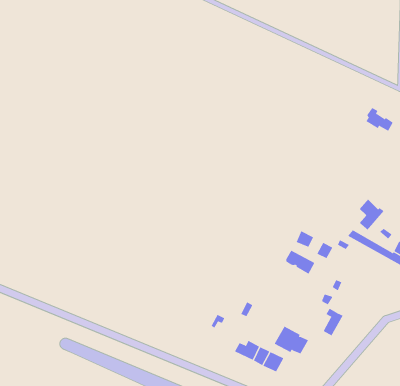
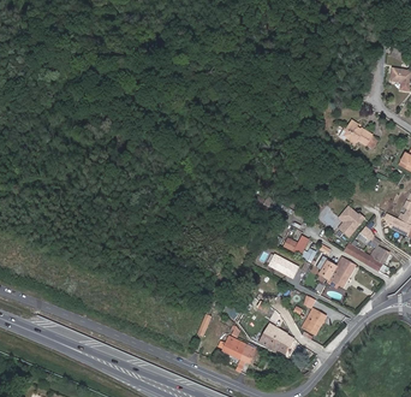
building: none -> [320,256,355,286]

